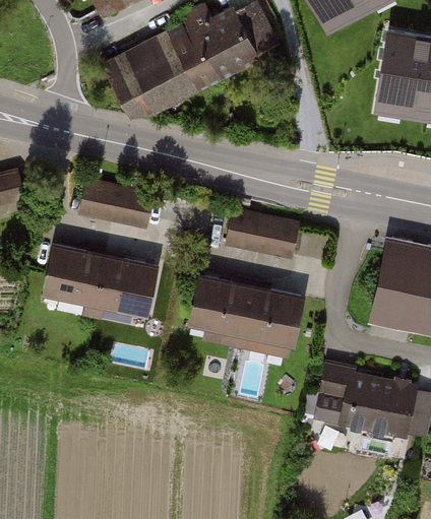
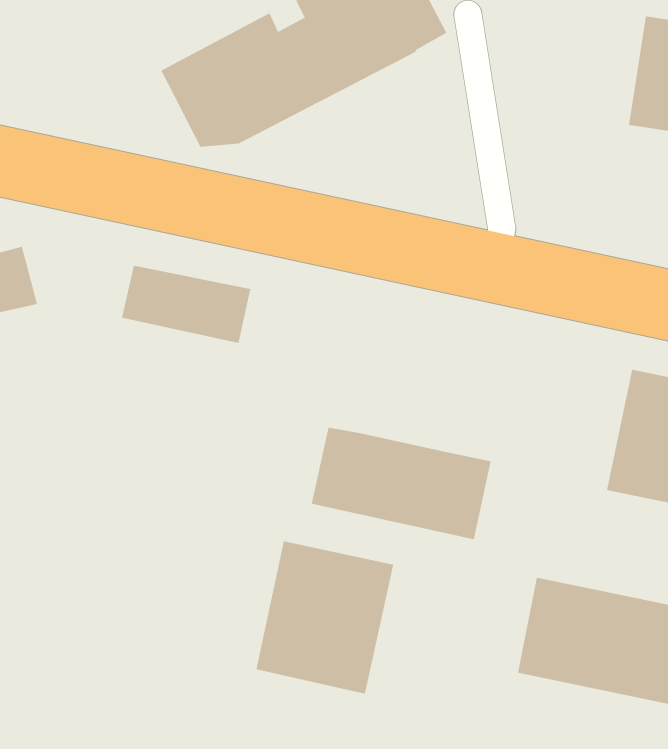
building: [228,212,297,257] -> none
building: [46,247,159,315] -> none
building: none -> [256,541,394,695]

